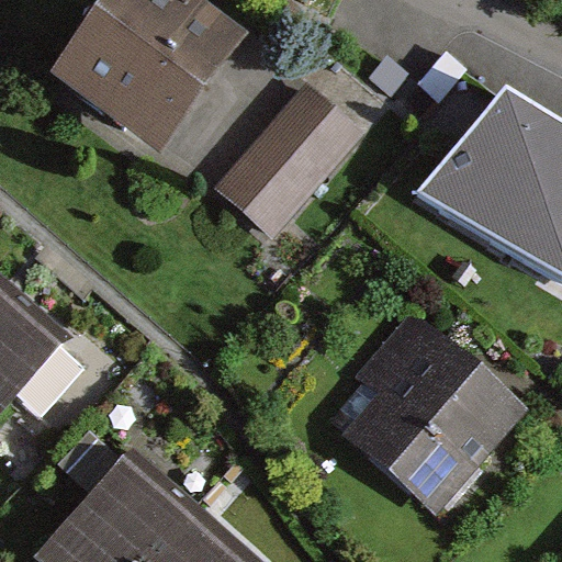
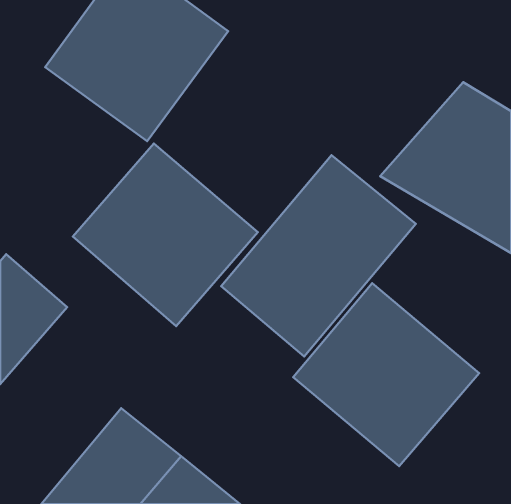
building: [216,79,367,236] -> none
building: none -> [73,143,258,326]
building: none -> [221,155,416,356]

